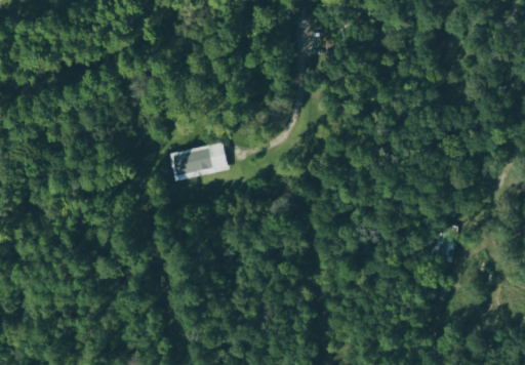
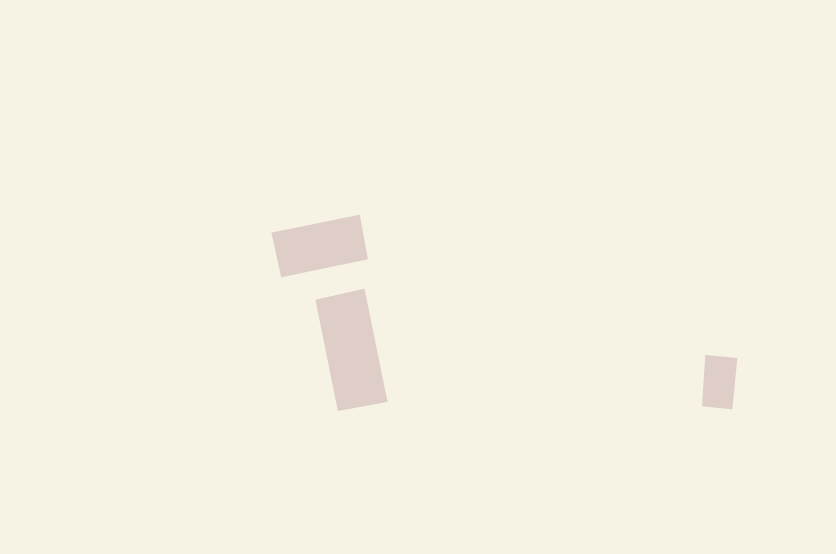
building: none -> [315,288,388,412]

